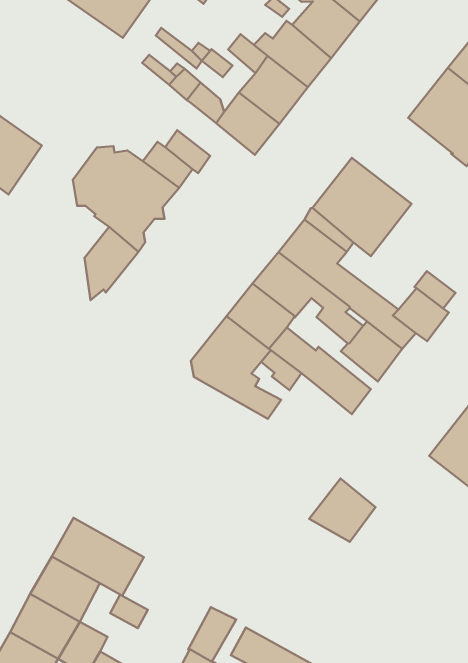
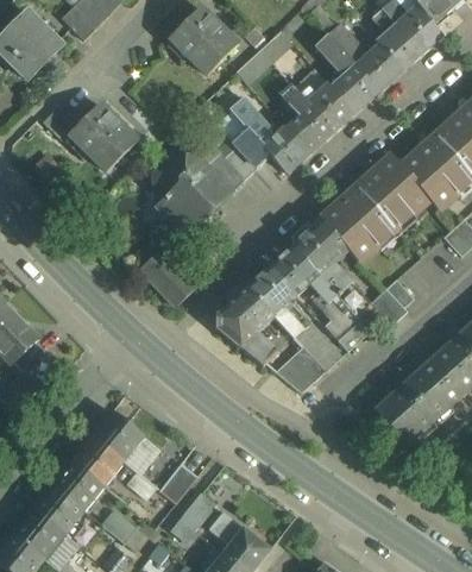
building: none -> [232,128,271,169]
building: none -> [357,156,429,228]
building: none -> [140,251,196,306]
building: [309,478,375,542] -> [276,346,325,392]
building: none -> [159,461,197,503]

